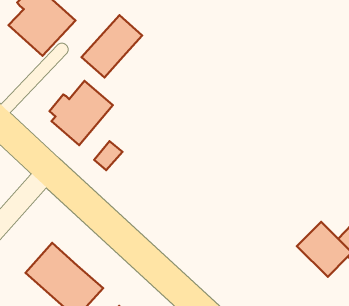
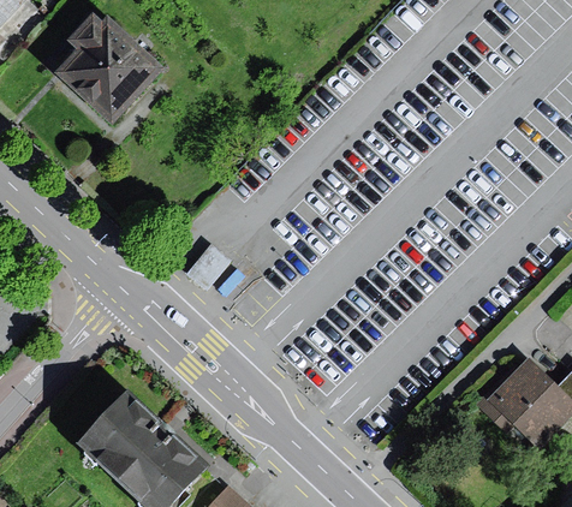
building: [82,15,142,78] -> none
building: [49,81,113,145] -> none

